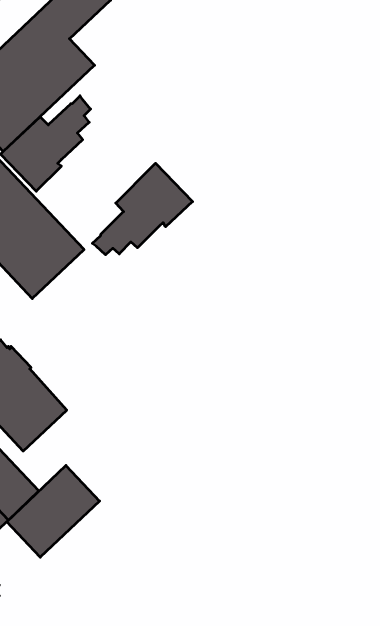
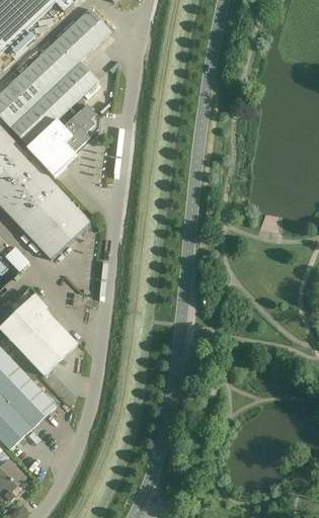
building: [92,163,193,255] -> none
building: [7,465,100,557] -> none

